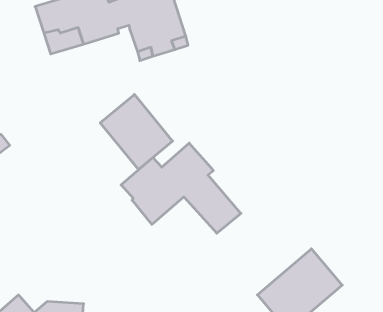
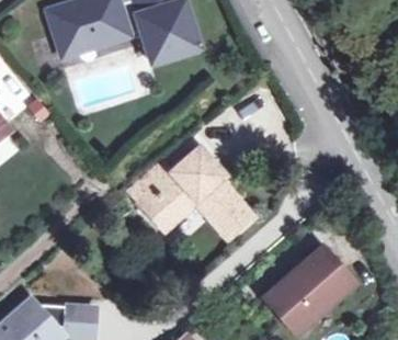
building: [100,94,173,169] -> none

